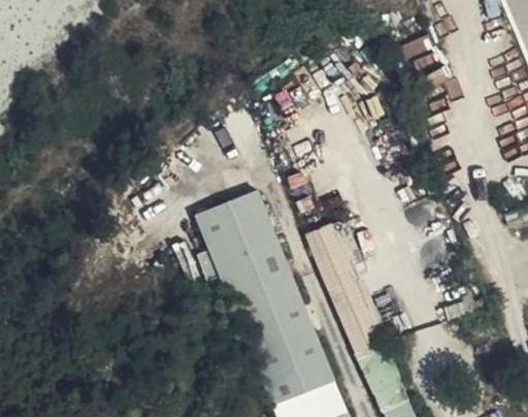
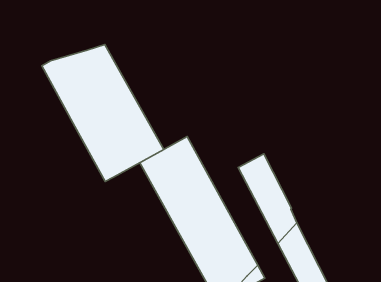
building: none -> [42,44,164,181]

